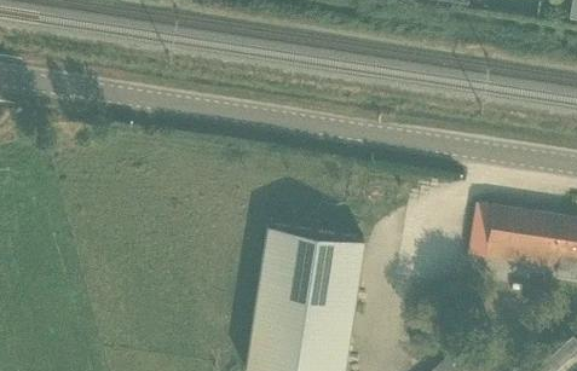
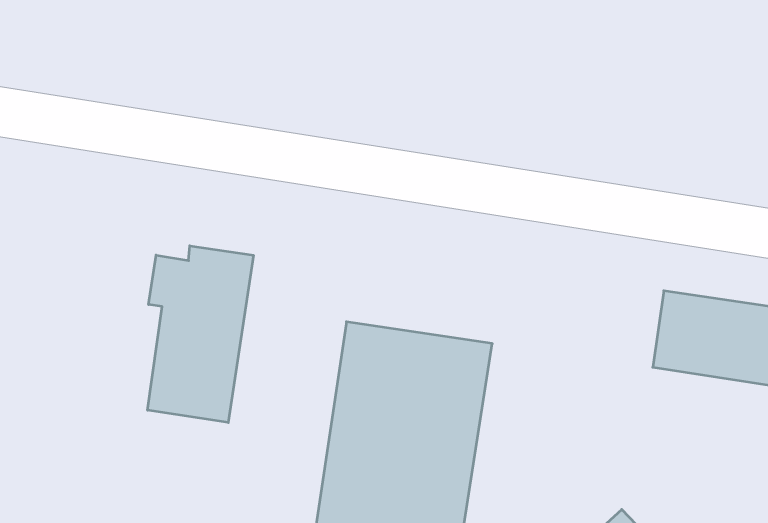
building: none -> [148,246,253,423]

